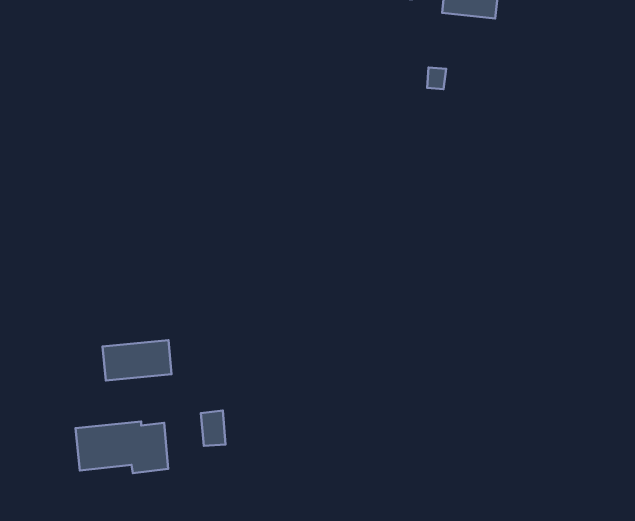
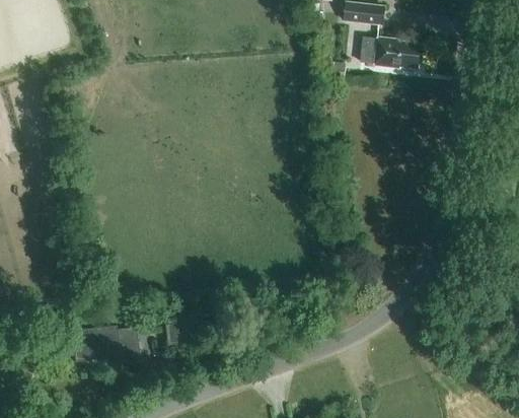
building: none -> [360,36,423,68]
building: [103,340,172,381] -> none

